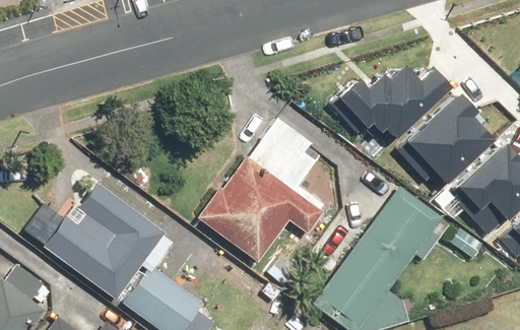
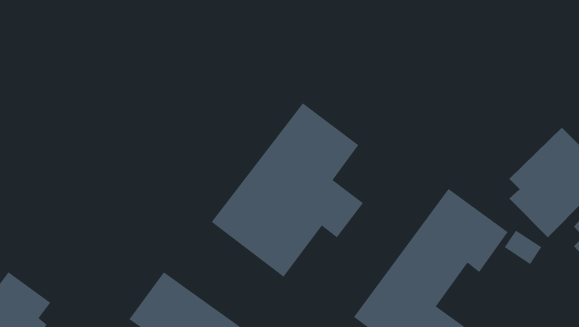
building: [333,60,449,135] -> none
building: [404,89,495,182] -> none
building: [37,182,167,302] -> none

